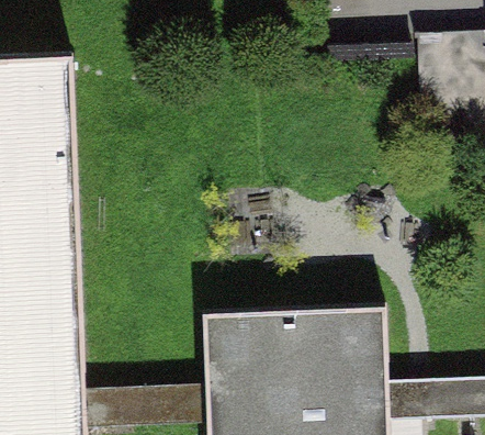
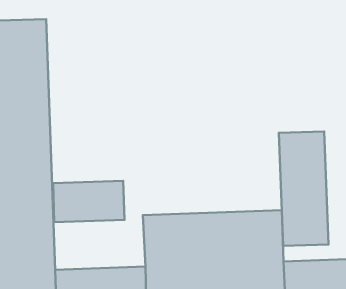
building: none -> [279,132,328,246]
building: none -> [53,181,125,222]

